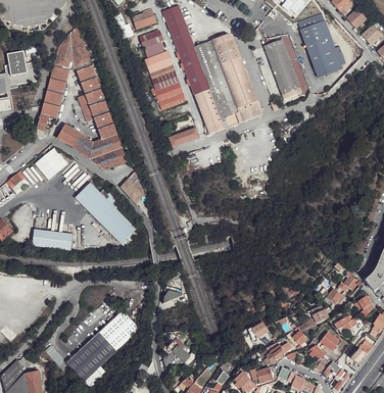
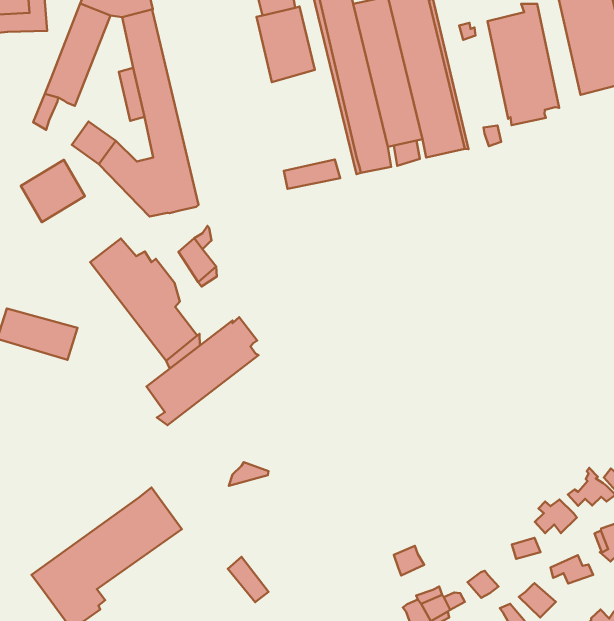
building: [155,83,186,111] -> none
building: none -> [147,317,259,425]

